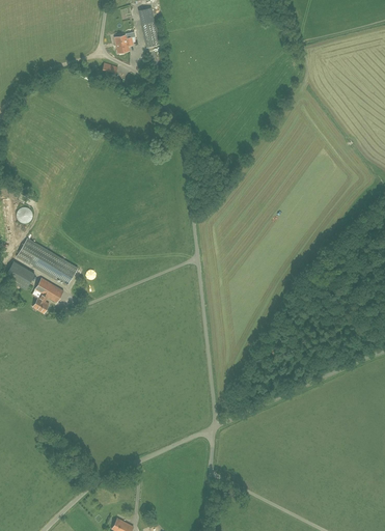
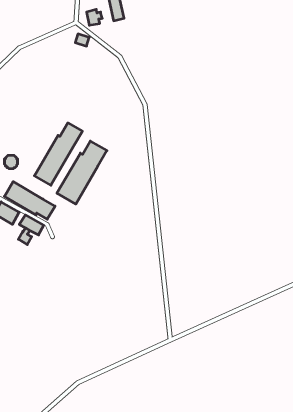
building: none -> [34,123,82,185]
building: none -> [57,141,107,204]

